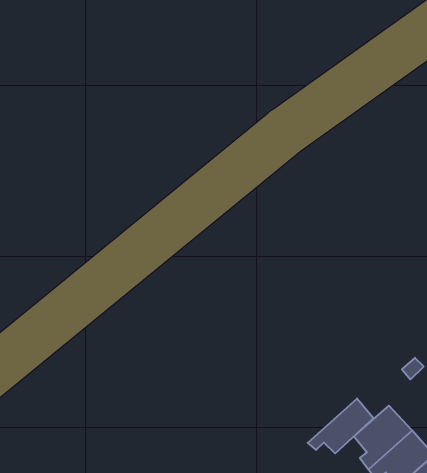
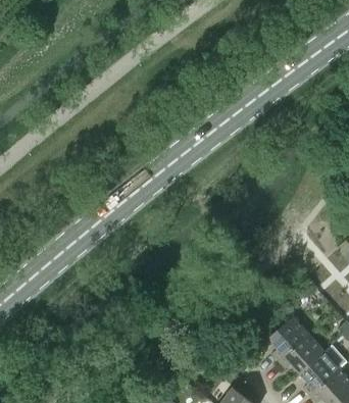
building: [308,398,374,453] -> none

